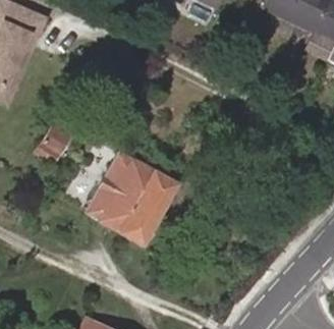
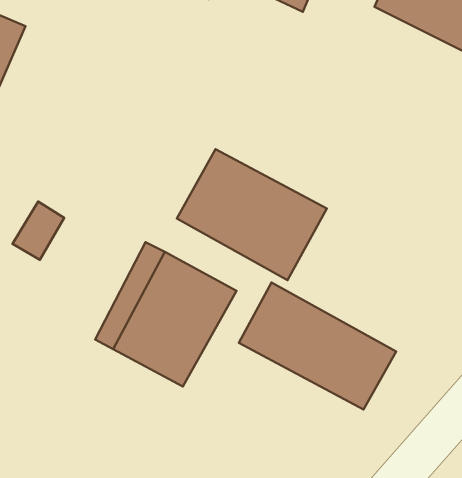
building: none -> [177,149,327,280]
building: none -> [239,283,396,410]

